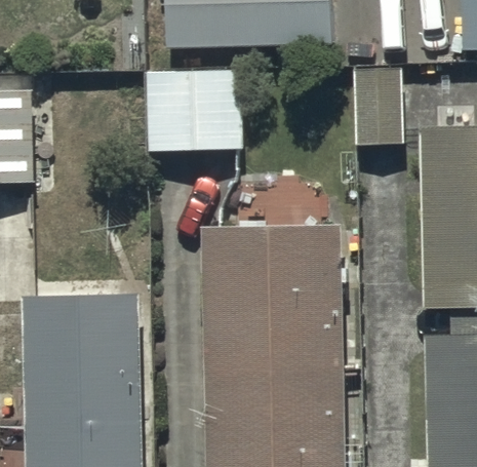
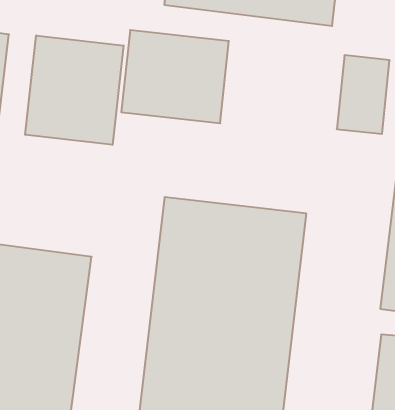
building: none -> [25,35,123,145]

